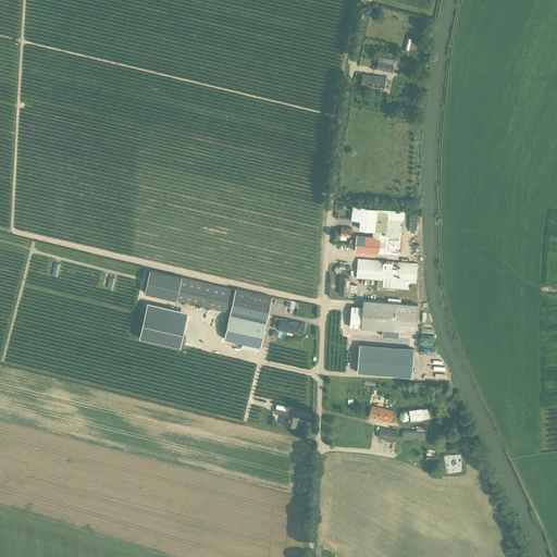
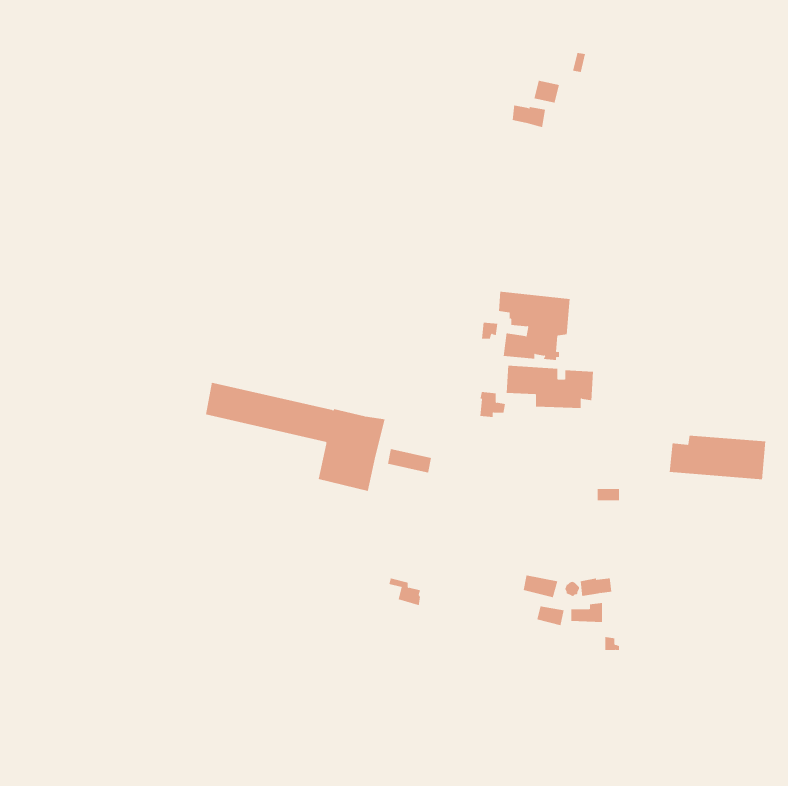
building: [349,301,418,333] -> [669,435,766,480]
building: [139,310,186,348] -> none
building: [357,345,413,377] -> none

